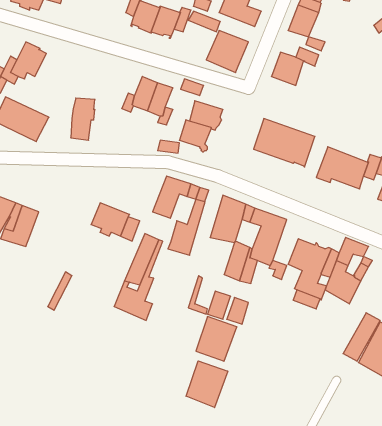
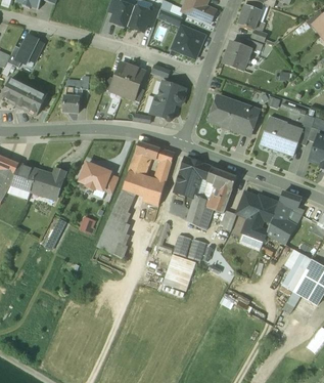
building: none -> [31,168,65,198]
building: none -> [123,170,148,195]
building: [186,361,228,408] -> none

